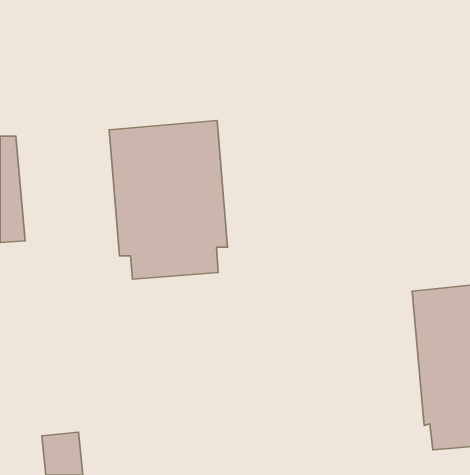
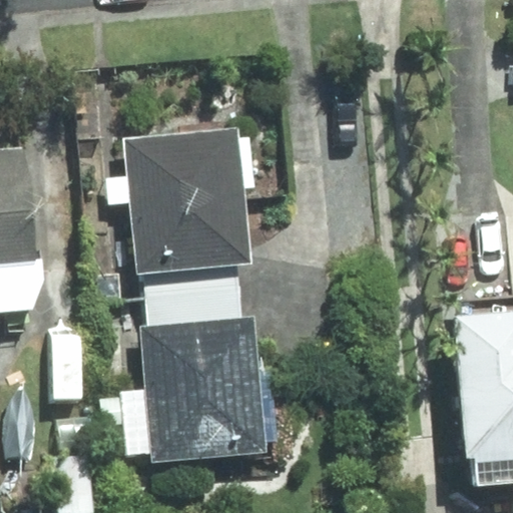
building: none -> [139,293,266,463]

